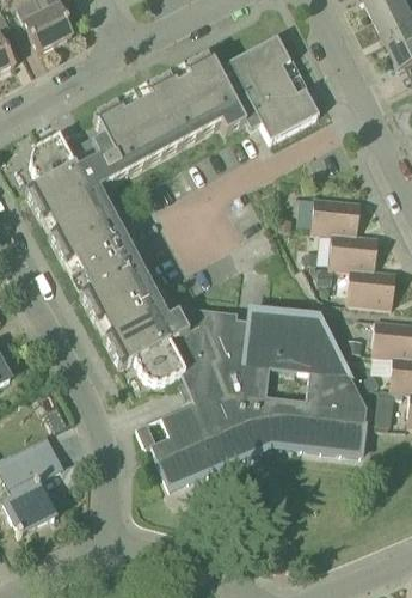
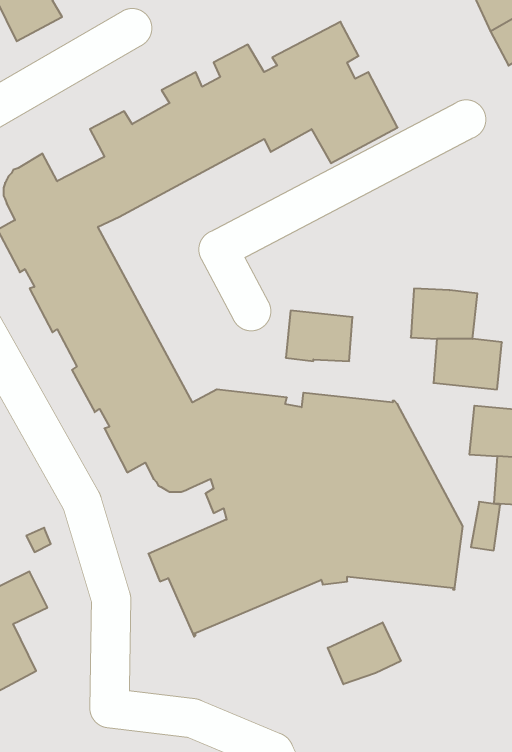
building: [310,197,359,234] -> [286,311,353,361]
building: none -> [328,622,401,684]

